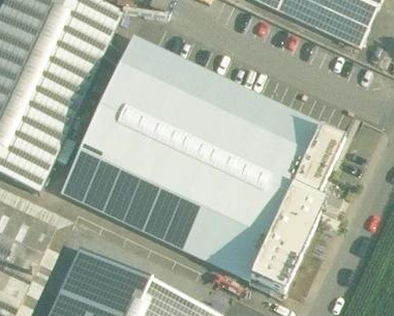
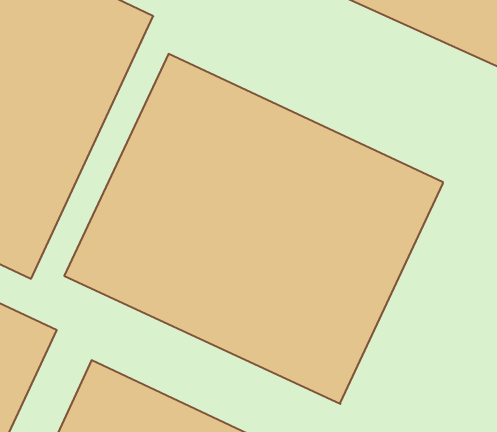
building: [250,126,344,292] -> none

